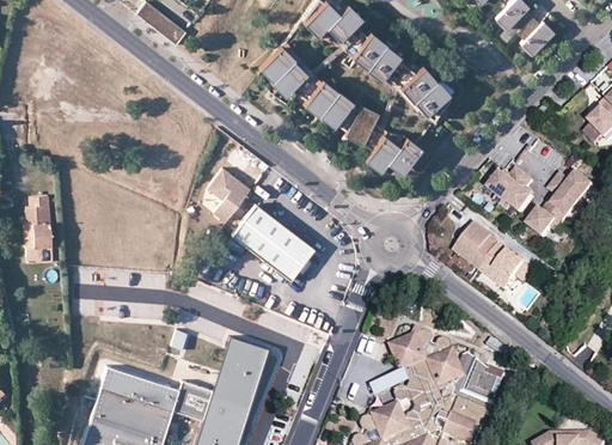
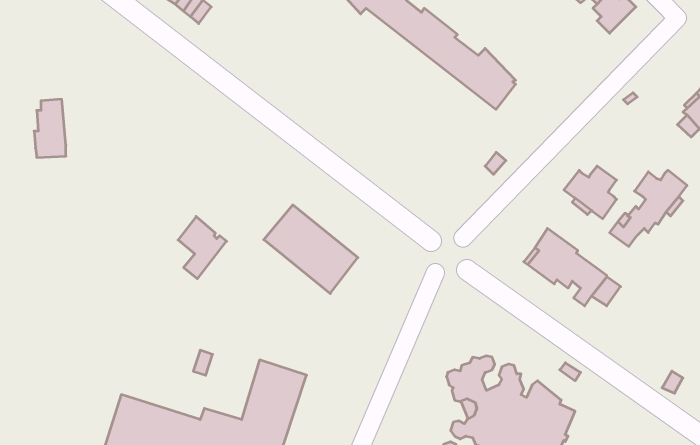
building: [259,42,421,173] -> none
building: [209,165,251,219] -> [178,216,227,279]
building: [24,205,51,255] -> [34,99,66,157]

